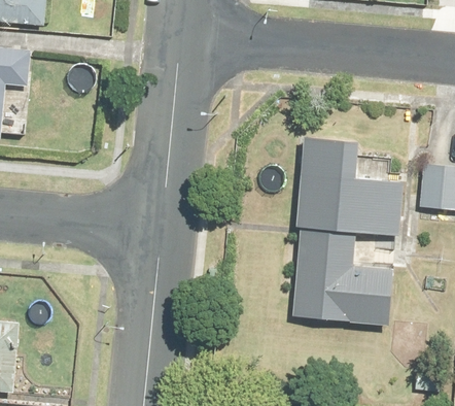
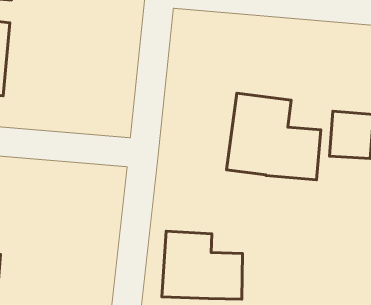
building: [282,240,380,323] -> [162,231,243,299]

